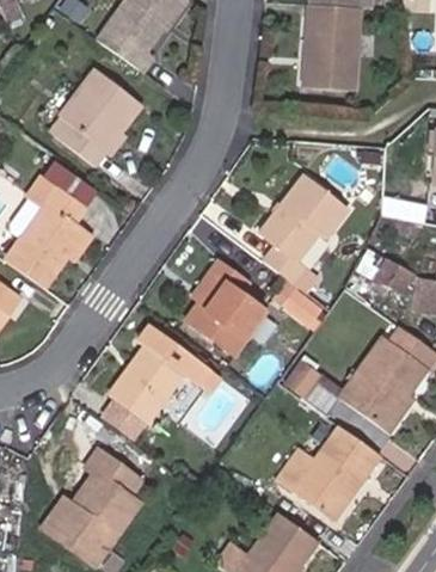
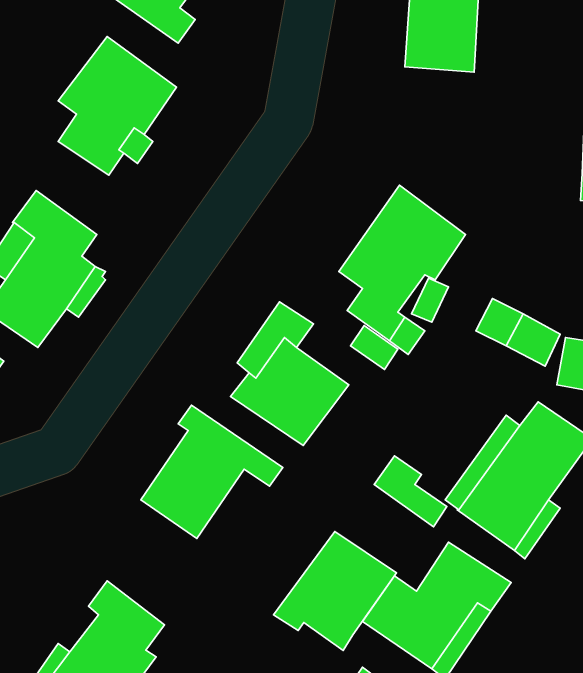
building: [104,394,158,442] -> none
building: none -> [273,532,397,651]

